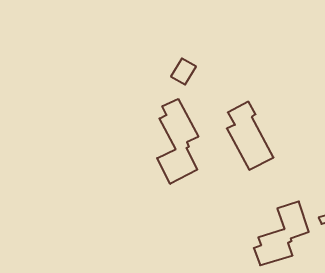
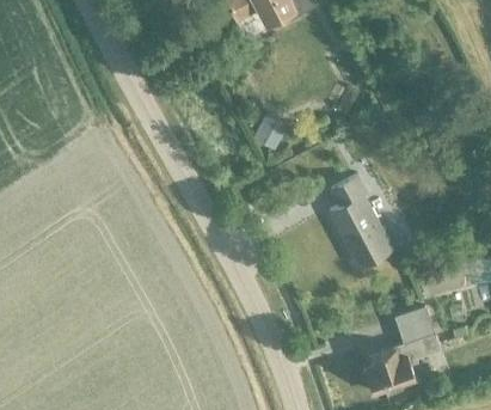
building: [157,99,198,184] -> none

